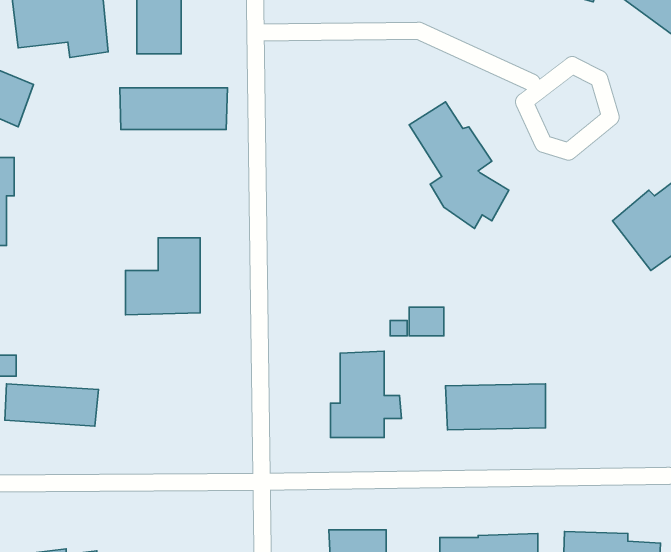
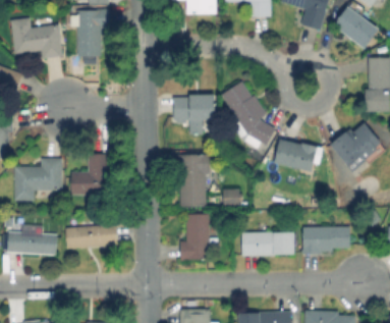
building: [120,88,227,130] -> none
building: none -> [172,95,213,134]
building: none -> [274,139,318,171]
building: none -> [177,154,210,206]
building: none -> [14,158,62,200]
building: none -> [65,223,117,248]
building: none -> [302,226,349,253]

